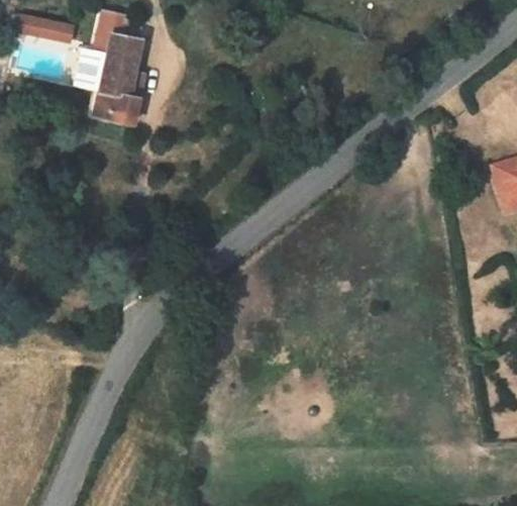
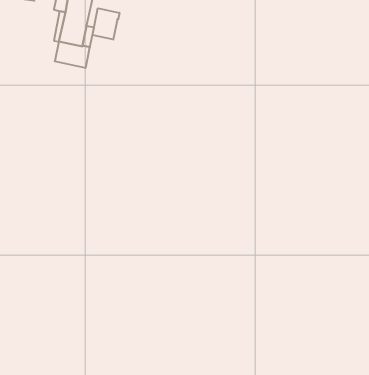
building: none -> [92,8,119,40]

